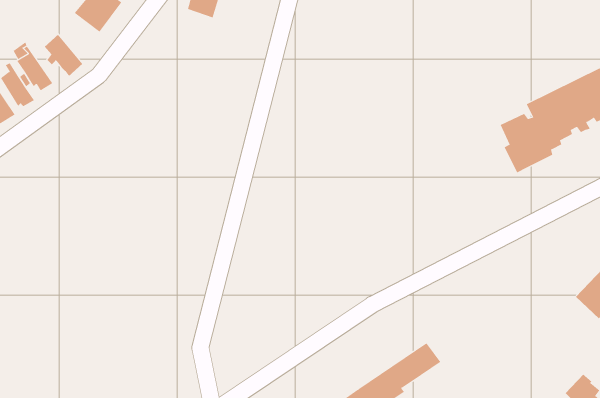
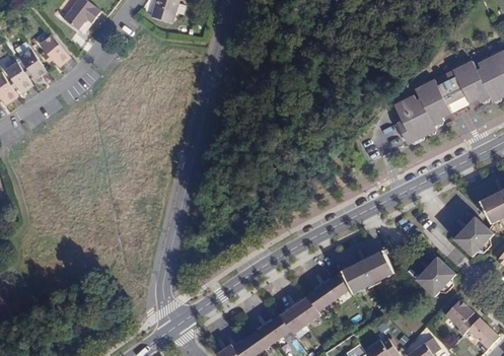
building: none -> [342,251,394,293]
building: none -> [415,258,455,297]

